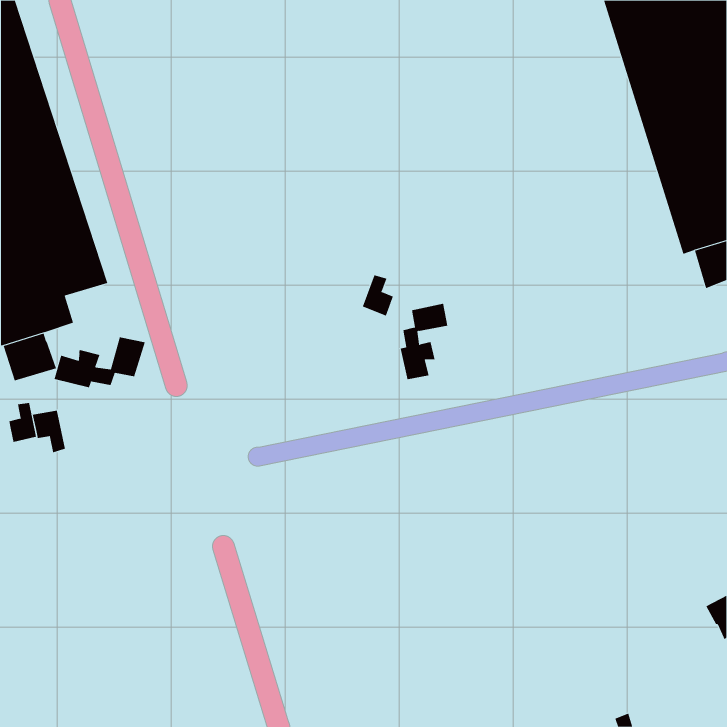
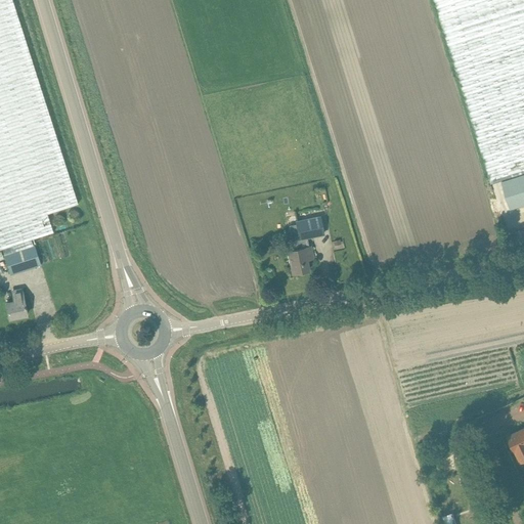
building: [362,275,393,316] -> none
building: [54,337,145,388] -> none
building: [32,410,65,453] -> none

